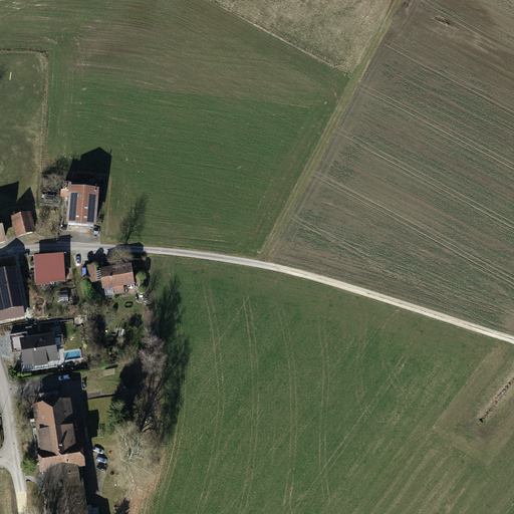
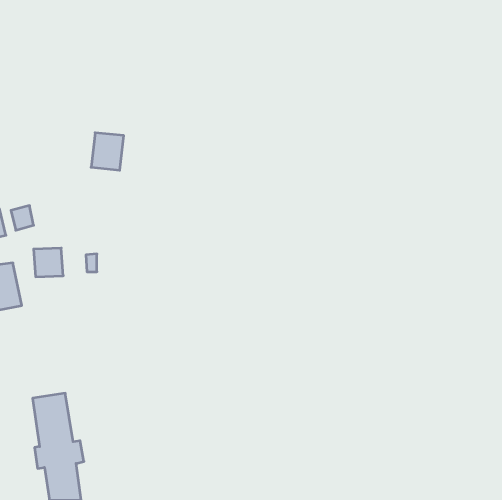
building: [64,187,97,225] -> [91,133,124,170]
building: [102,263,137,292] -> none
building: [20,332,59,366] -> none

